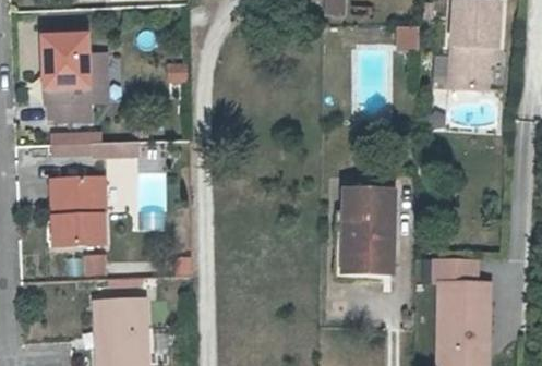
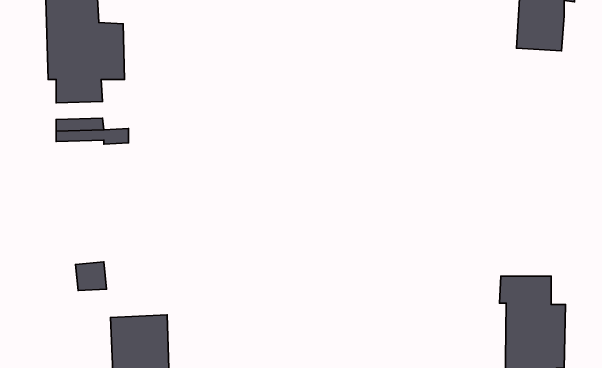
building: [55,178,105,243] -> none
building: [348,187,395,271] -> none

